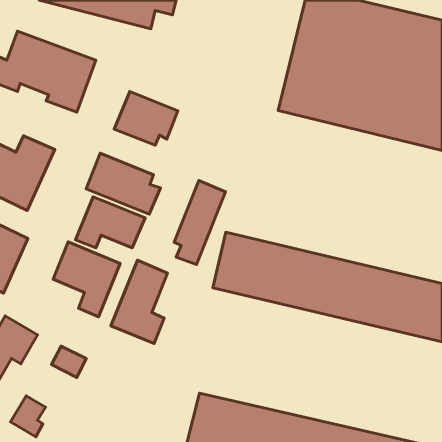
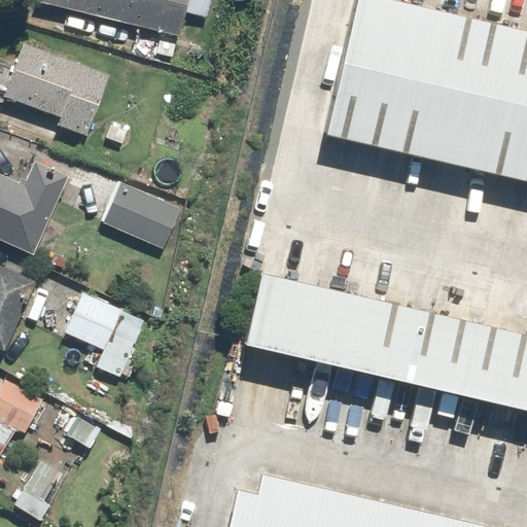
building: [114,91,178,145] -> none
building: [174,181,226,264] -> none
building: [76,197,145,248] -> none
building: [111,260,168,344] -> none

